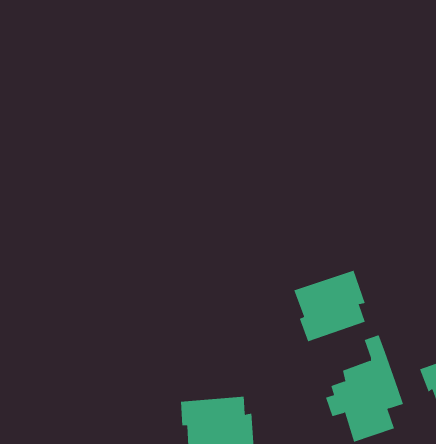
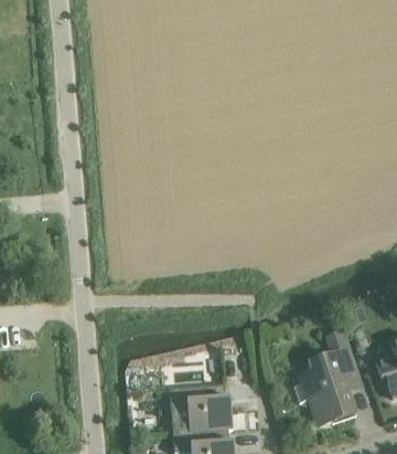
building: [290,270,366,342] -> none

